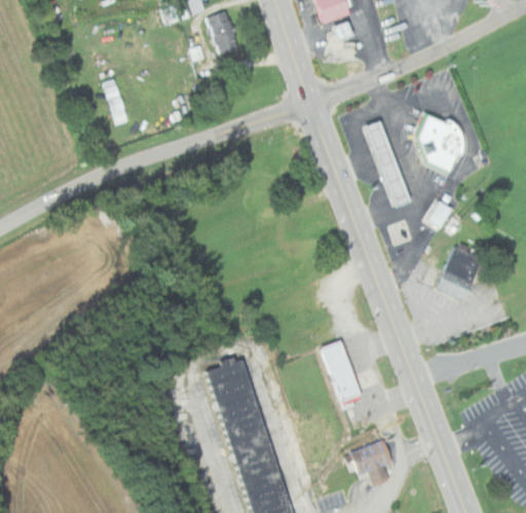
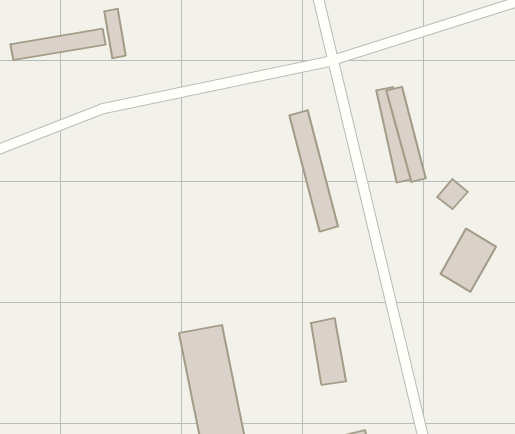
building: none -> [10,29,105,60]
building: [417,110,468,174] -> none
building: none -> [289,110,338,232]

